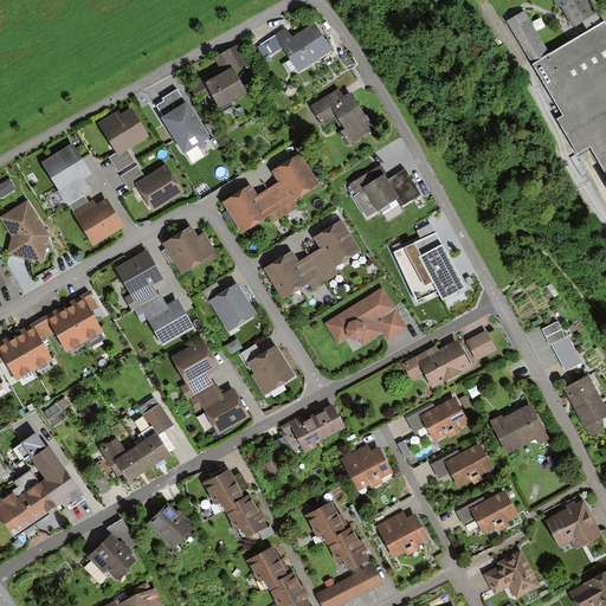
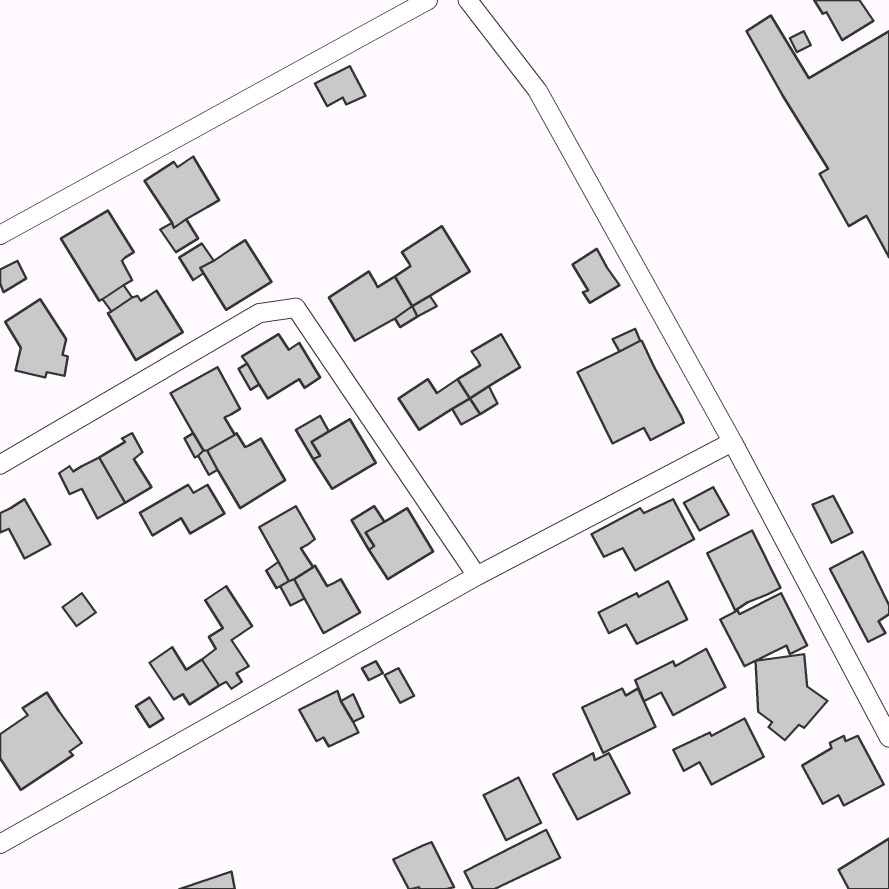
building: [257,24,333,73] -> none
building: [205,66,247,109] -> none
building: [310,86,375,144] -> none
building: [156,90,209,165] -> none
building: [349,165,400,218] -> none
building: [325,288,408,346] -> none
building: [17,322,52,370] -> none
building: none -> [140,485,225,536]
building: none -> [707,531,781,610]
building: [281,405,346,454] -> none
building: [15,433,85,510] -> none
building: none -> [756,654,827,740]
building: [342,446,392,490] -> [582,689,655,753]
building: [224,495,265,536] -> none
building: [307,503,346,544] -> none
building: [149,504,195,550] -> none
building: [91,535,138,582] -> none
building: [483,546,537,594] -> none
building: [249,548,288,585] -> none

